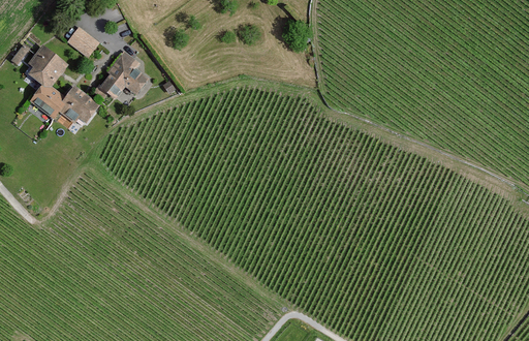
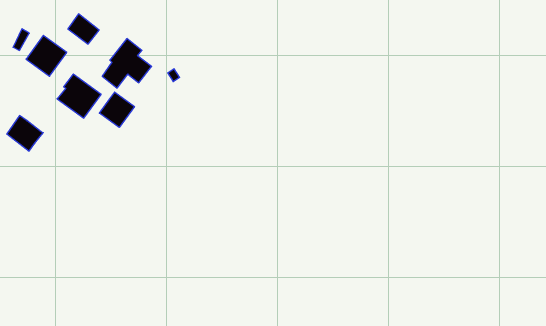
building: [30,83,65,117] -> [7,116,43,151]
building: none -> [99,92,134,127]

